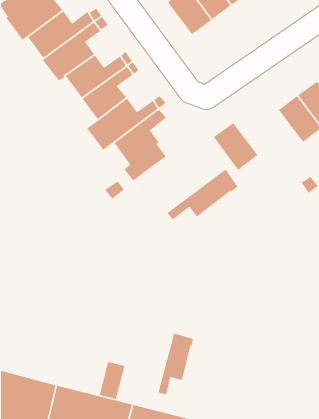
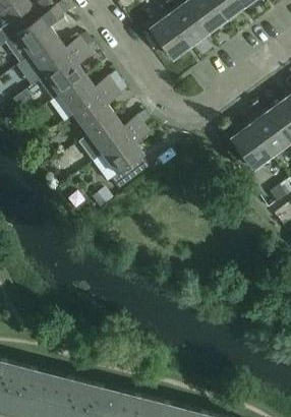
building: [213,122,258,171] -> [231,127,272,171]
building: [167,168,238,221] -> none
building: [158,332,194,396] -> none
building: [99,361,125,400] -> none

